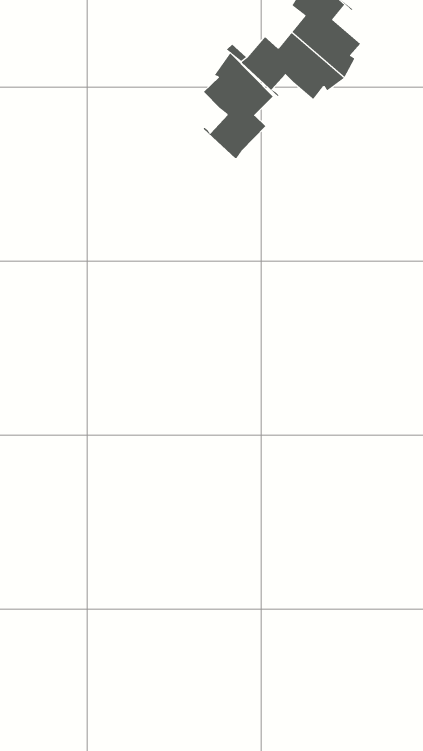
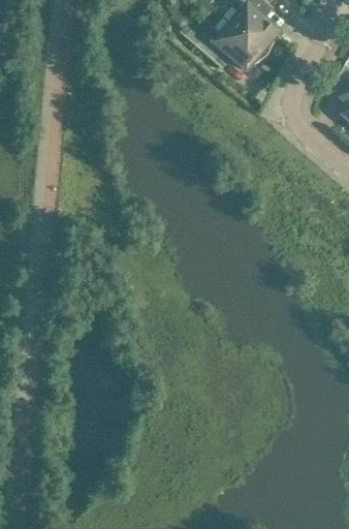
building: [203,53,273,159] -> none

